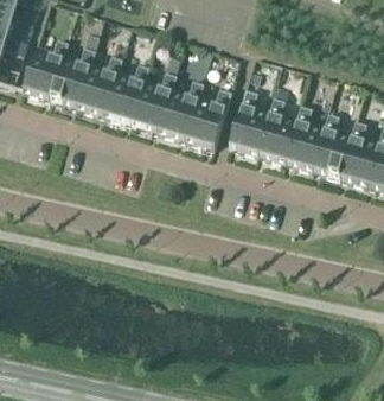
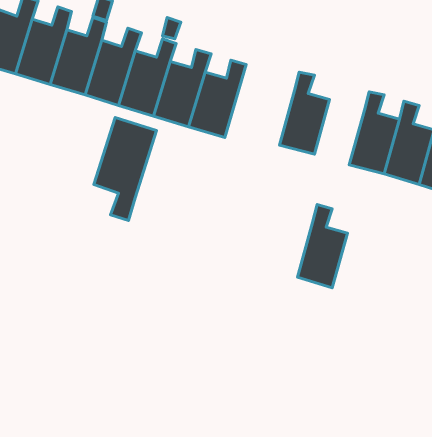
building: [229,87,269,152] -> none
building: [284,102,324,167] -> [297,204,347,288]
building: none -> [94,117,157,221]

